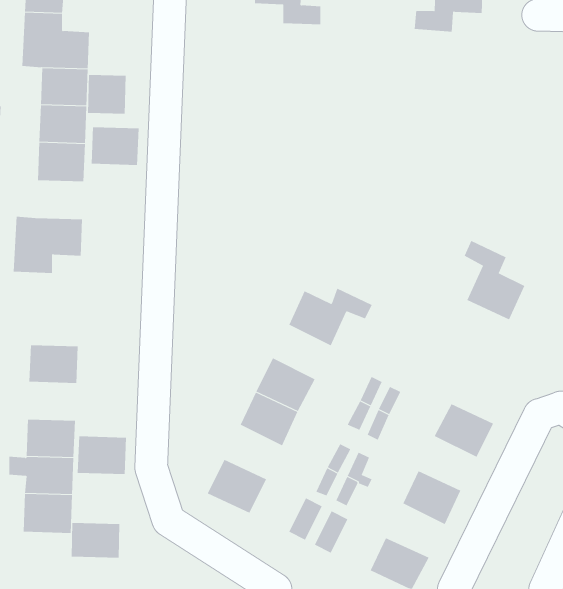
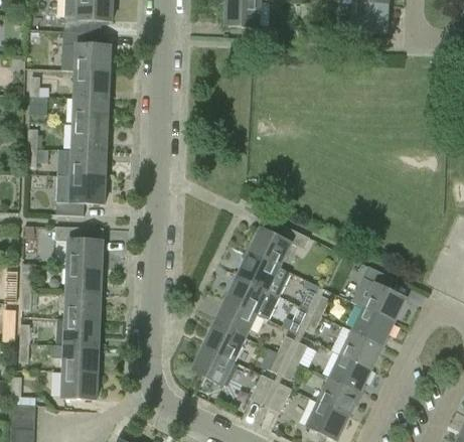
building: [87,74,126,115] -> none
building: [91,127,139,165] -> [71,149,106,176]
building: [464,240,525,320] -> [362,264,406,320]
building: none -> [55,226,103,266]
building: none -> [239,251,280,289]
building: none -> [204,321,246,359]
building: [77,436,127,474] -> [65,291,101,318]
building: none -> [341,329,382,367]
building: none -> [318,377,360,415]
building: [71,522,120,558] -> none

